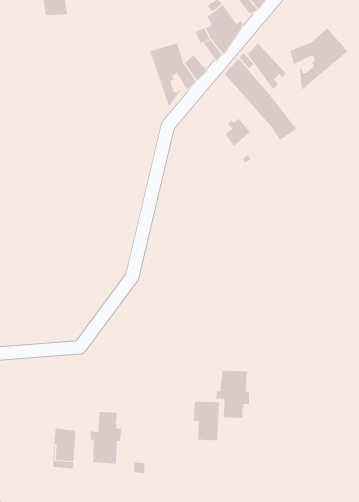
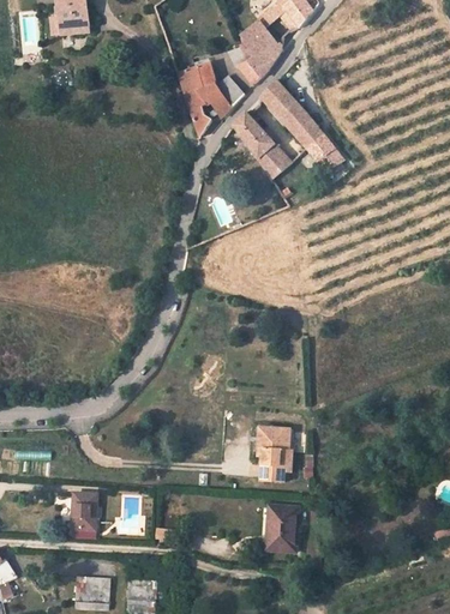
building: [290,27,349,91] -> none
building: [247,43,287,90] -> [233,113,277,165]
building: [193,401,220,441] -> [266,506,296,550]
building: [90,411,122,465] -> none

